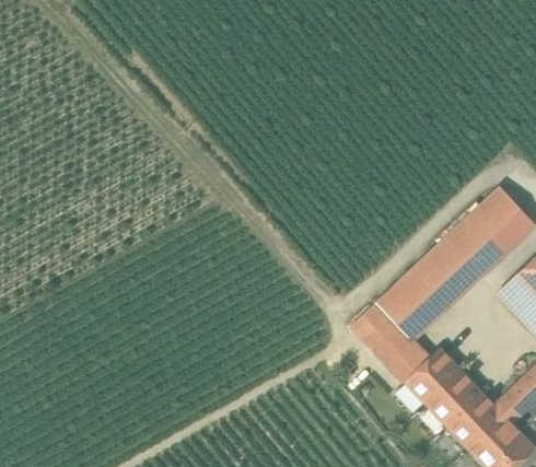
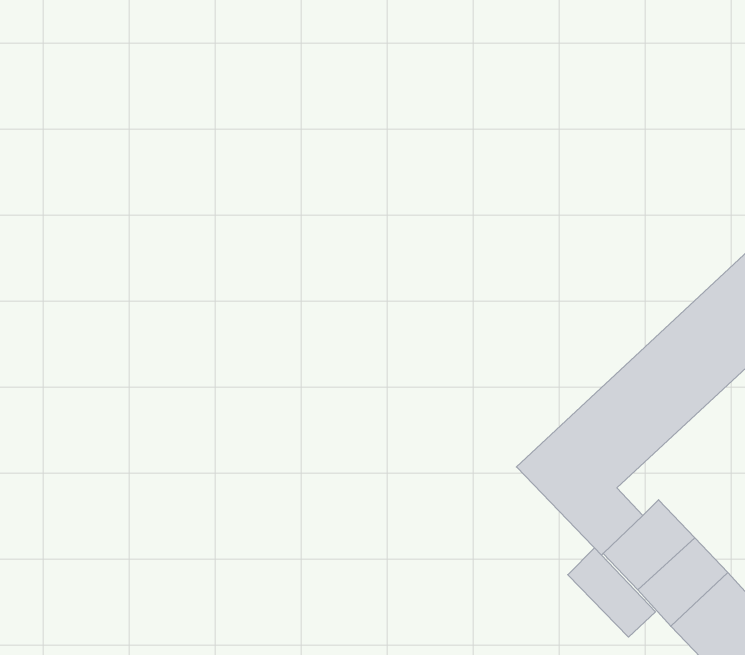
building: none -> [568,548,655,637]

